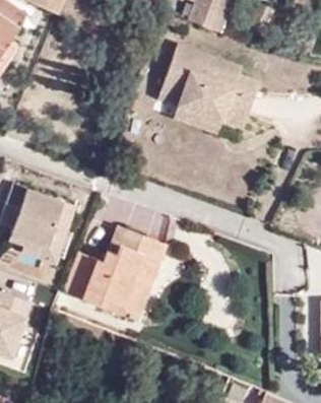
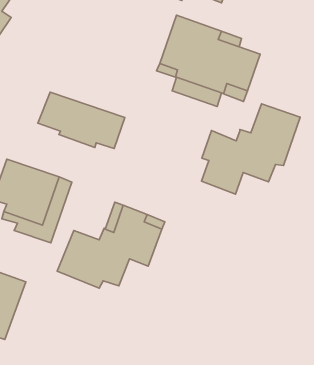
building: none -> [38,92,125,149]
building: none -> [202,104,300,194]
building: [103,280,150,322] -> none

